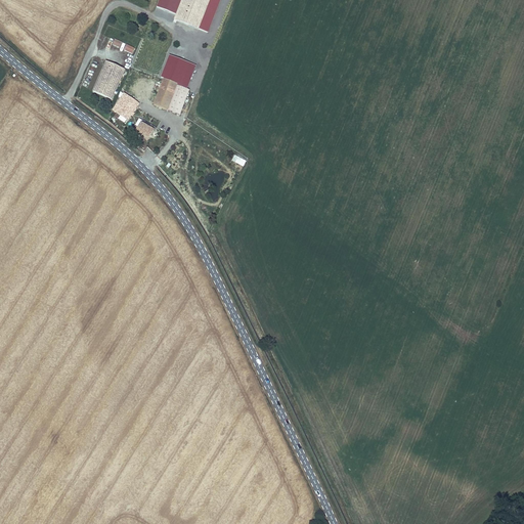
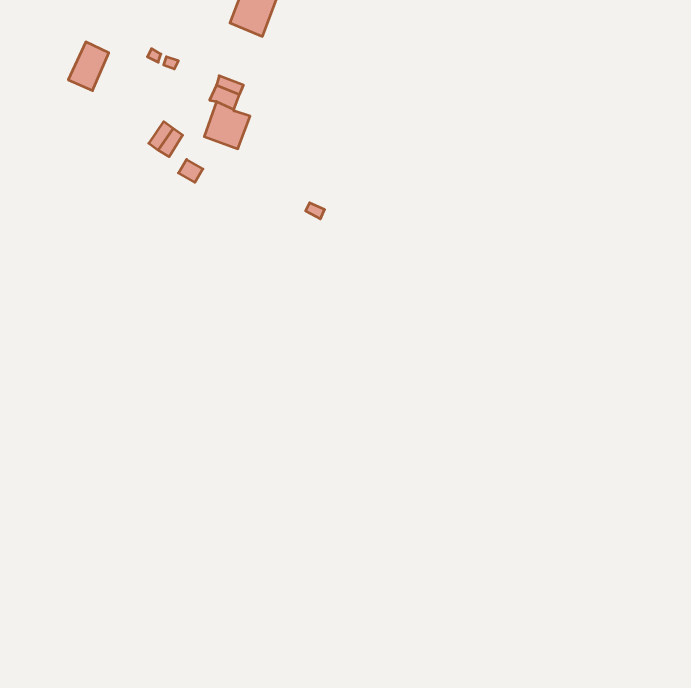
building: [93,60,124,97] -> [68,42,109,91]

